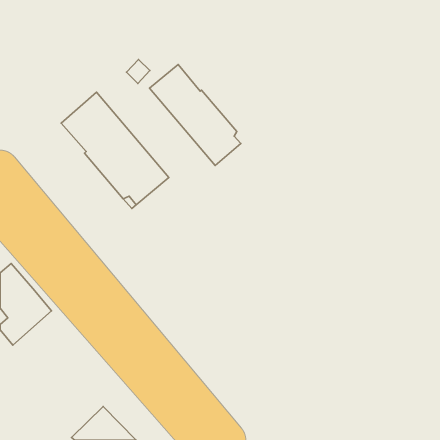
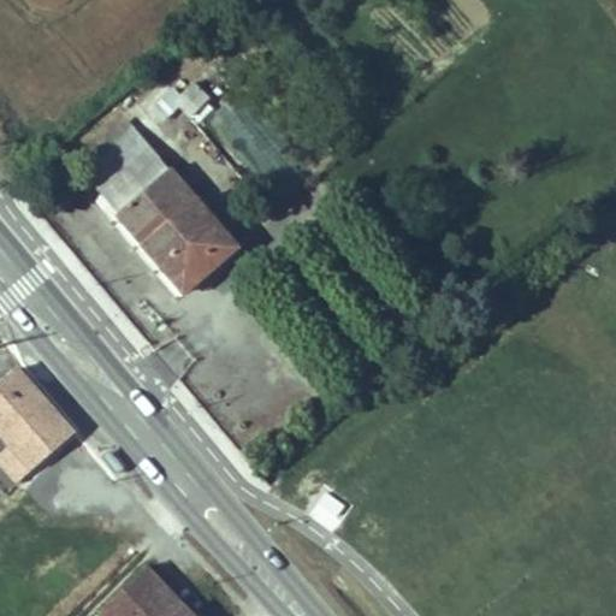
building: [149,65,241,166] -> none

